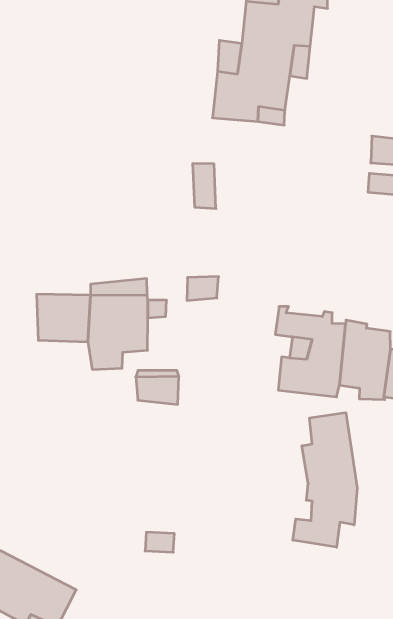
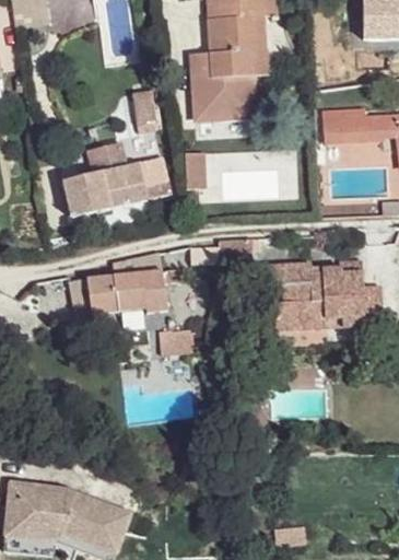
building: none -> [130,89,161,135]
building: none -> [62,140,168,211]
building: [293,413,357,547] -> none

